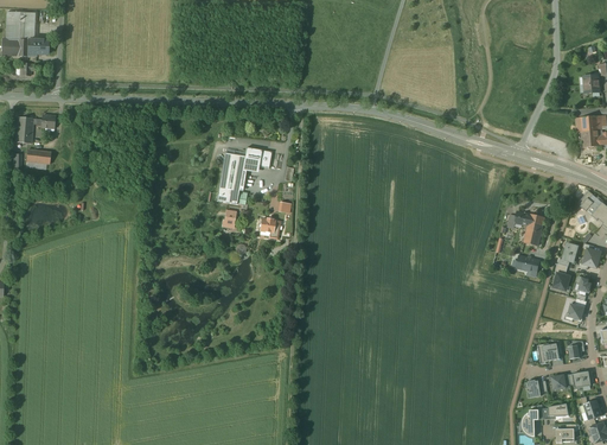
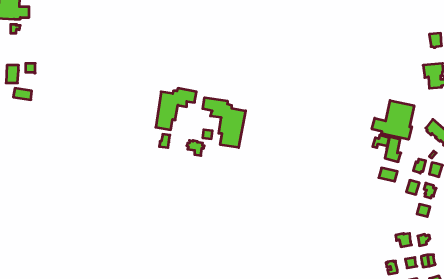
building: none -> [203,98,246,148]
building: none -> [372,100,414,139]

